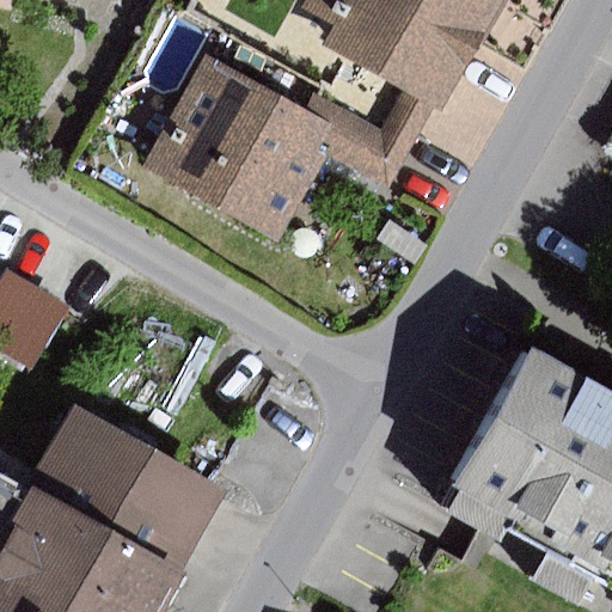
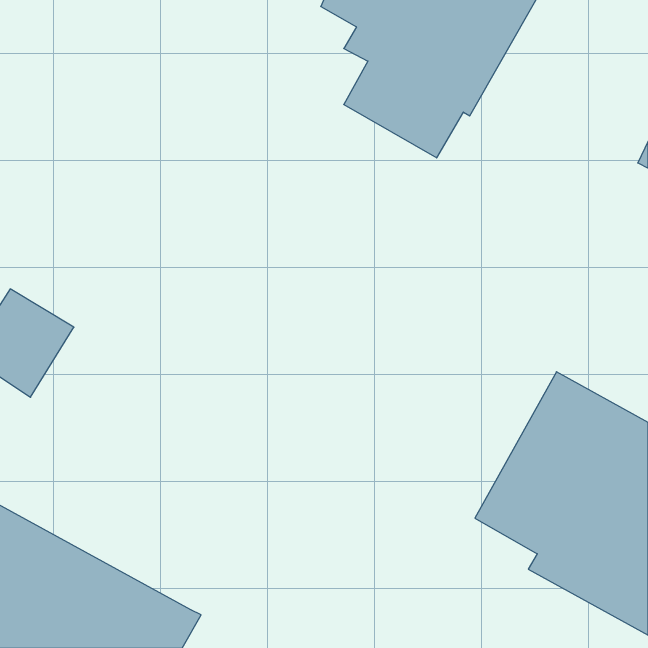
building: [140,50,410,243] -> none
building: [30,405,226,573] -> none

